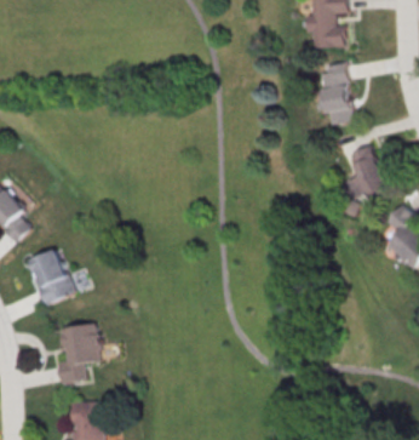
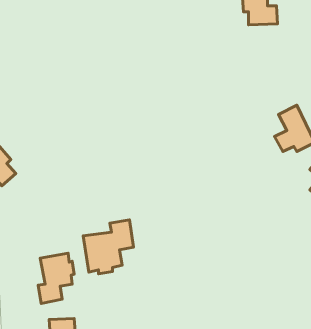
building: [317,63,351,124] -> none
building: [29,250,75,305] -> none
building: none -> [83,220,133,274]

